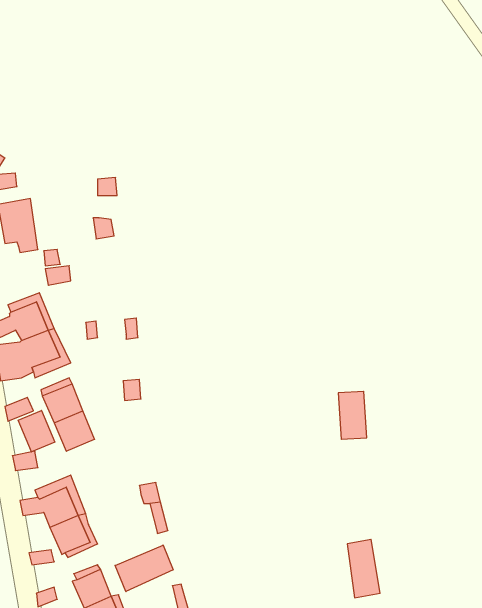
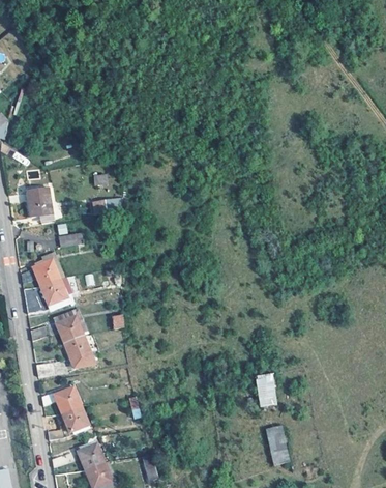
building: [338,391,367,439] -> [257,371,276,404]
building: [18,410,55,452] -> none
building: [115,545,173,592] -> none

